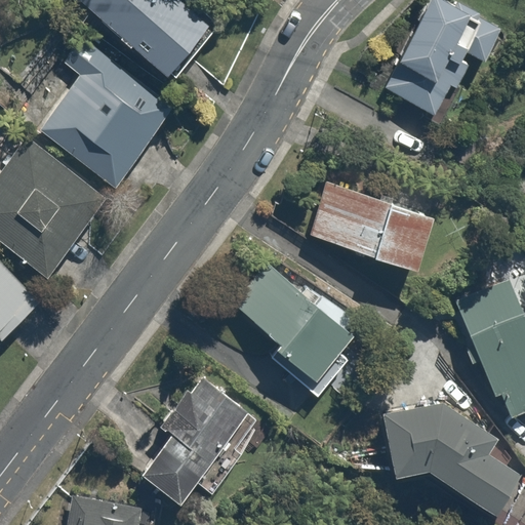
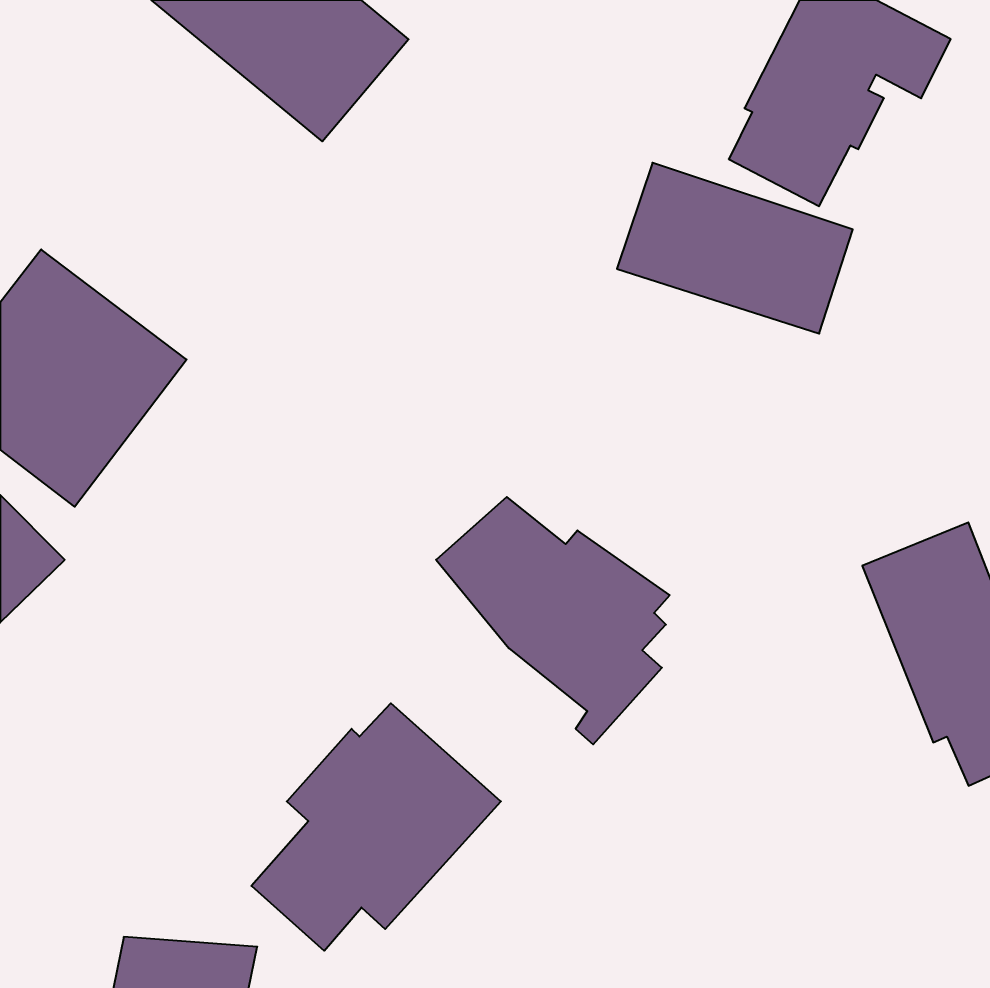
building: [40,49,166,188] -> none
building: [310,183,433,272] -> [617,163,853,334]
building: [382,402,519,511] -> none

